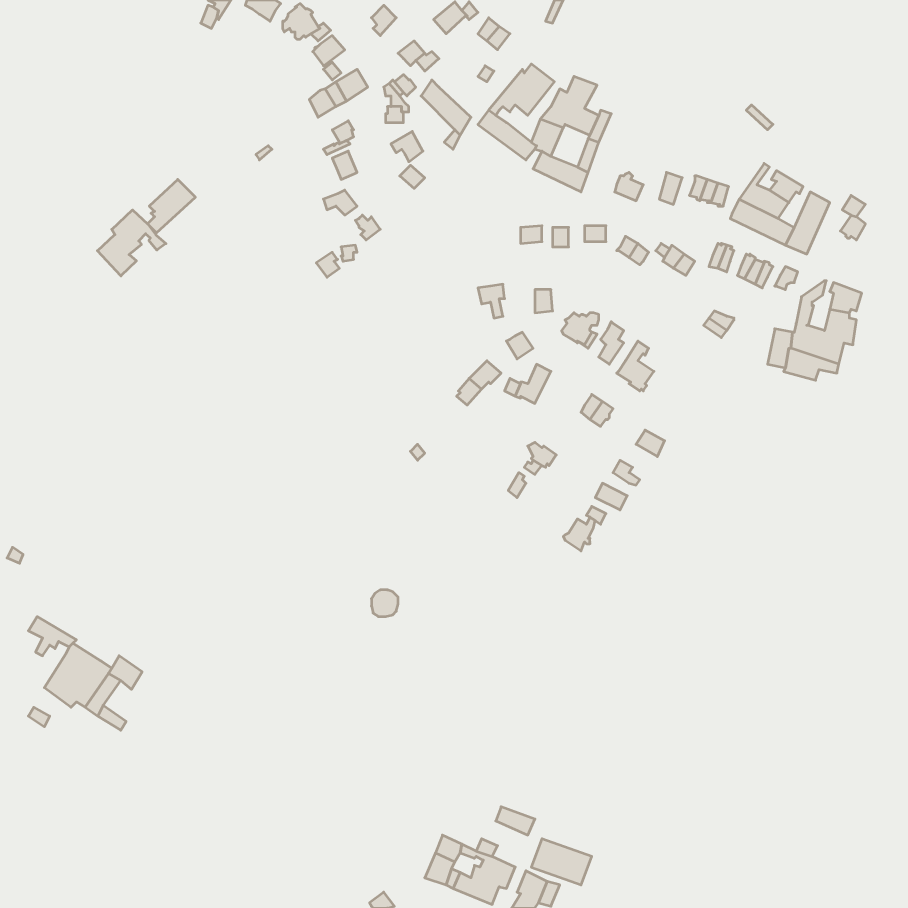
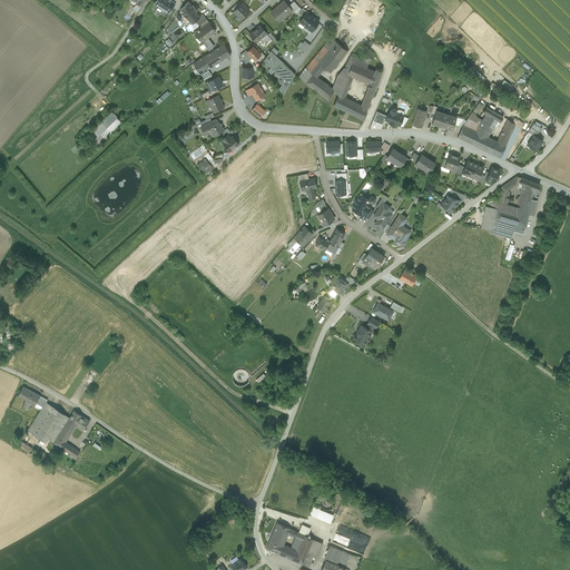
building: [97,210,166,276] -> none

